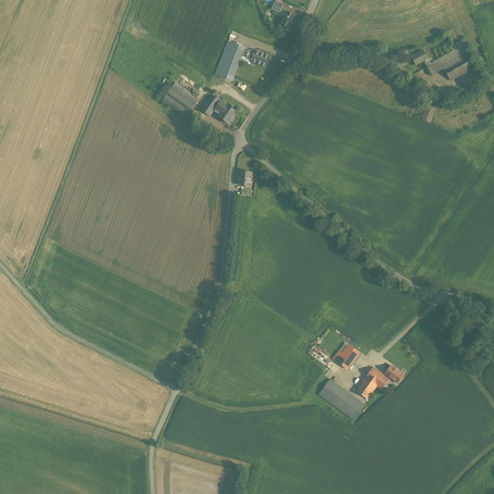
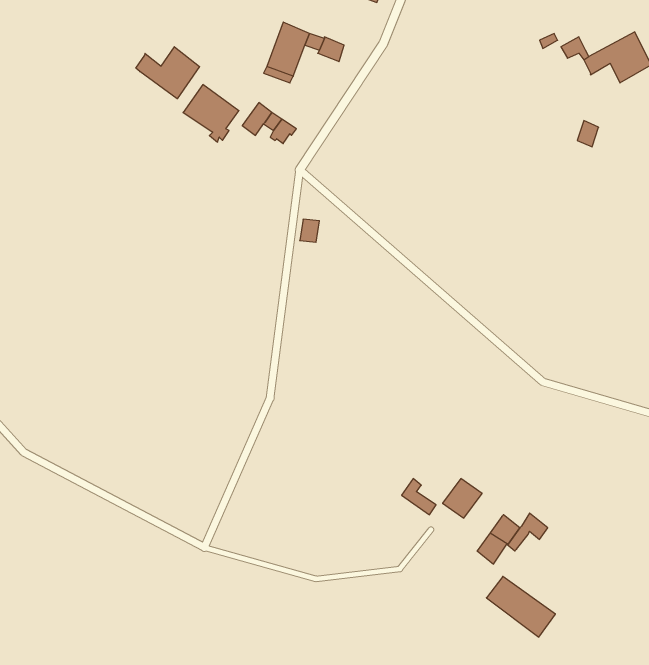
building: none -> [136,47,200,99]
building: [318,379,364,419] -> [486,576,555,637]

